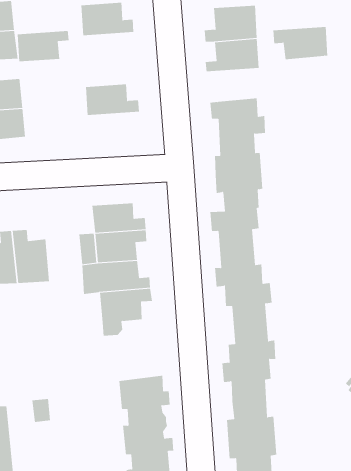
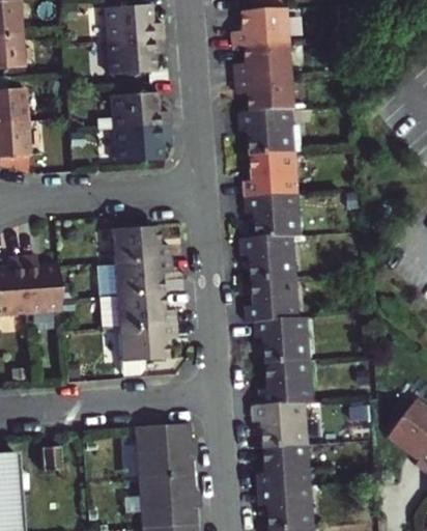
building: [273,26,328,60] -> [234,77,296,114]
building: [17,30,70,62] -> [96,36,155,72]
building: none -> [102,125,161,162]

